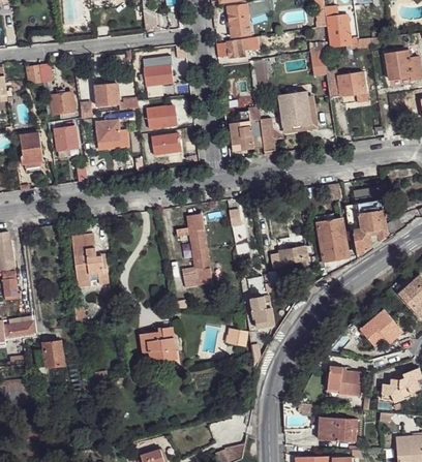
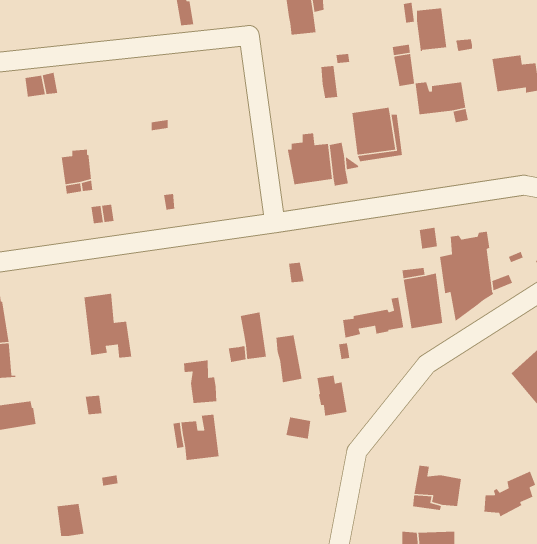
building: [219,35,258,57] -> none
building: [143,63,173,85] -> none
building: [95,80,119,105] -> none
building: [50,91,74,116] -> none
building: [146,105,170,128] -> none
building: [95,111,134,142] -> none
building: [21,131,43,164] -> none
building: [151,132,181,154] -> none
building: [186,213,207,250] -> [275,335,302,383]
building: none -> [183,360,217,404]
building: [360,308,398,348] -> none
building: [42,340,64,366] -> [56,503,85,537]

